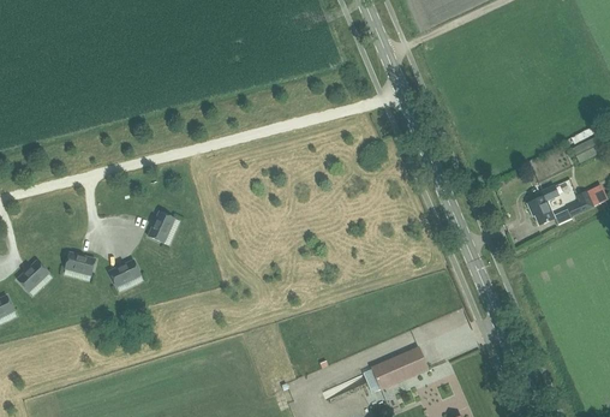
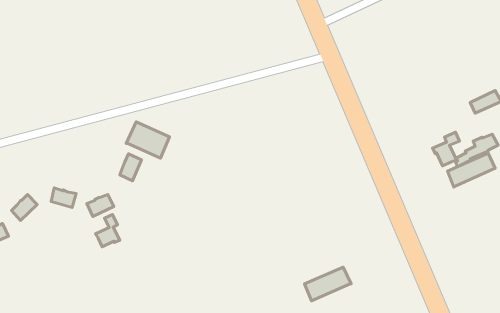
building: none -> [126,122,169,158]
building: none -> [448,153,495,187]
building: none -> [96,214,120,247]

